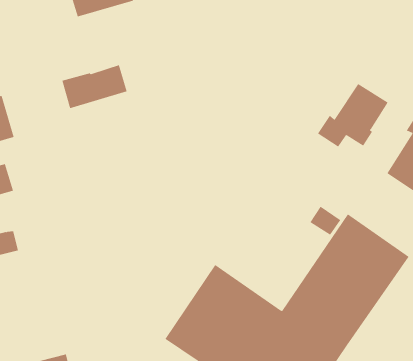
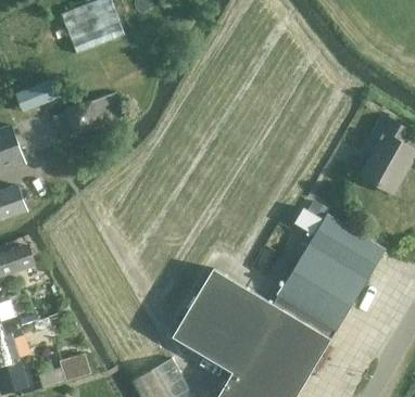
building: none -> [14,75,63,111]
building: [317,83,389,147] -> none

